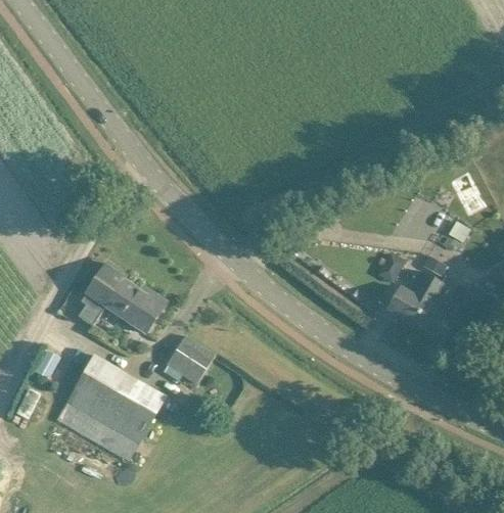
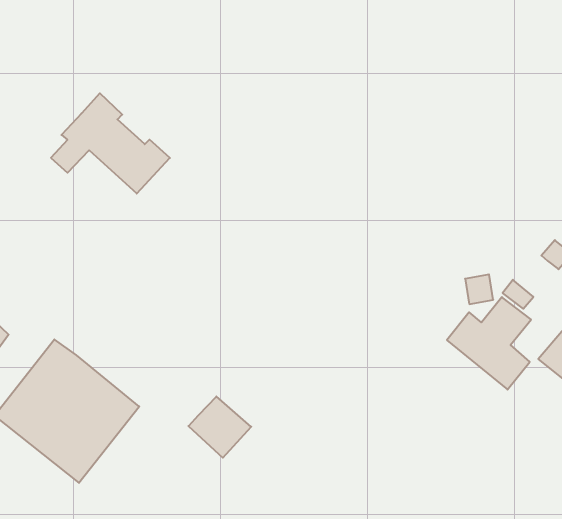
building: [77,263,166,333] -> [51,93,170,194]
building: [167,337,214,382] -> [188,396,251,458]

